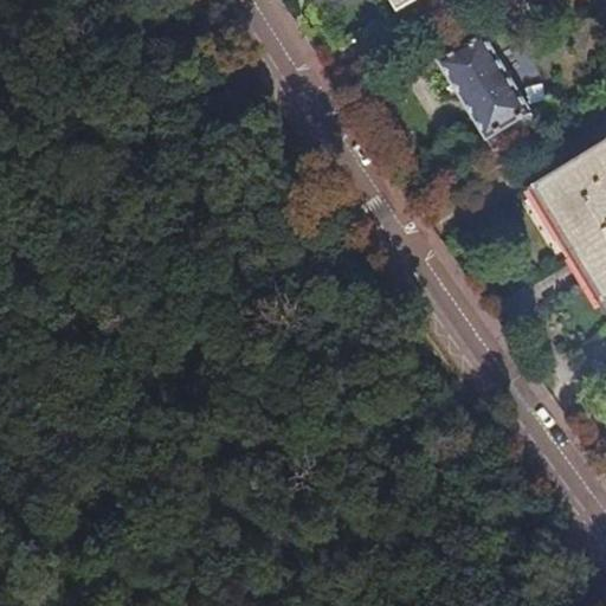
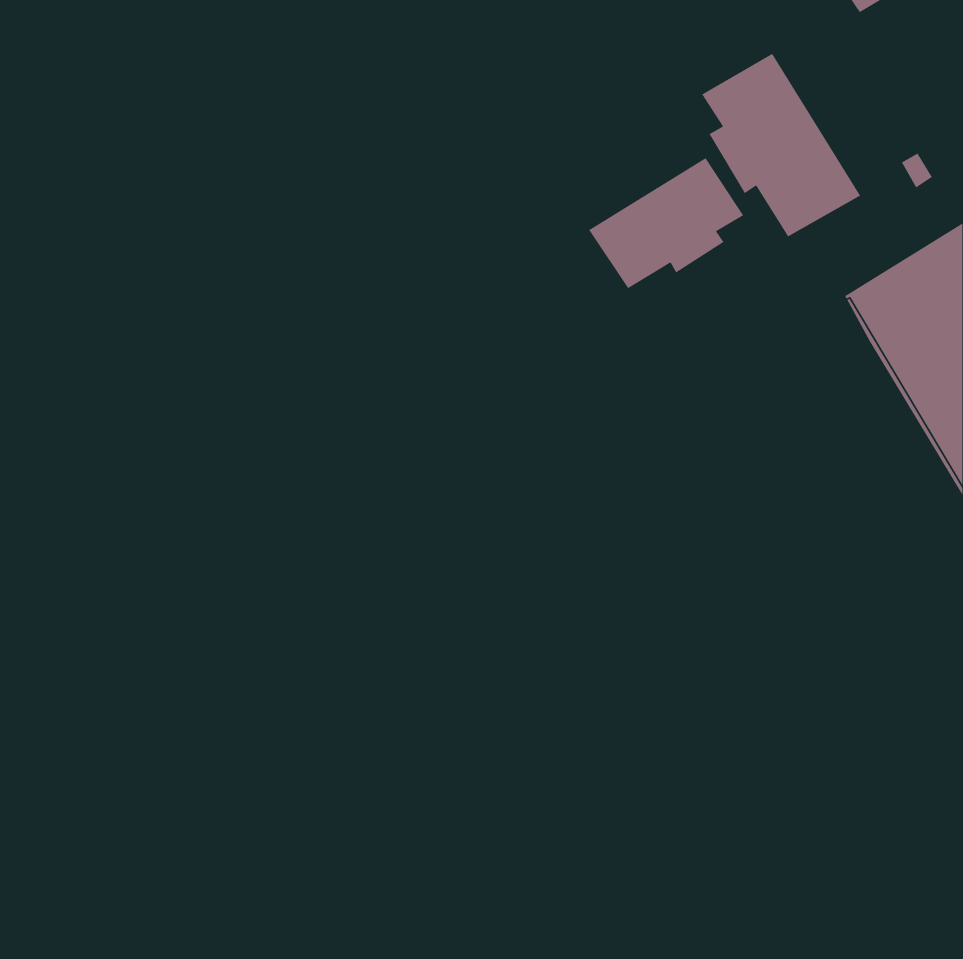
building: none -> [588,157,744,289]

